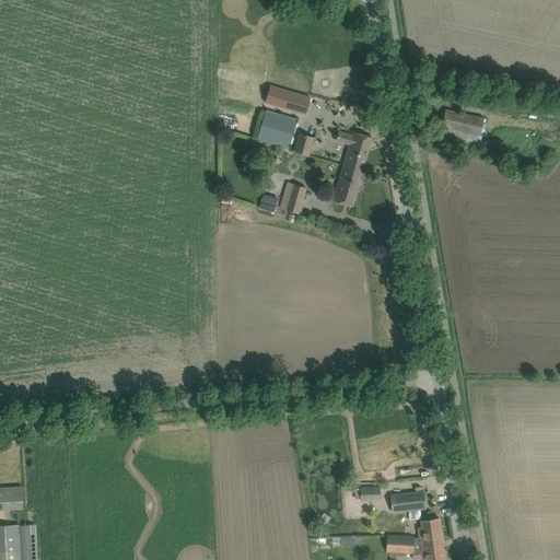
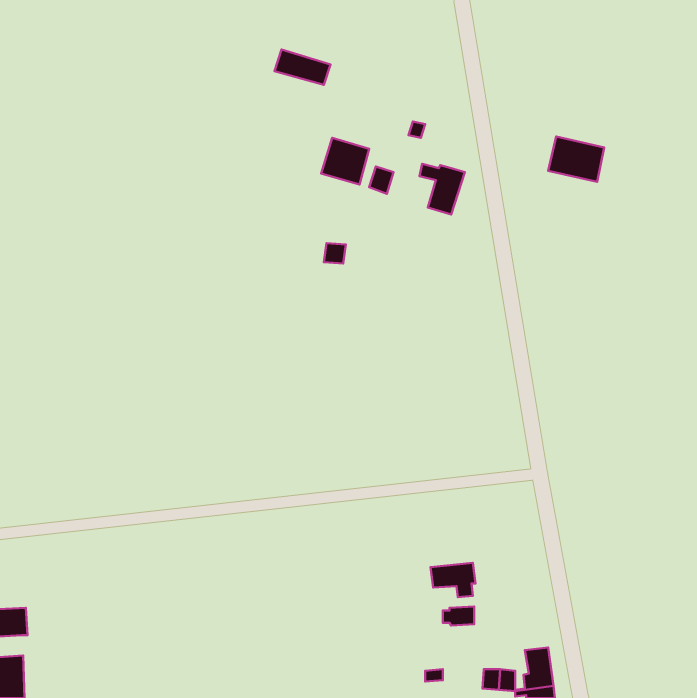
building: [265,85,310,114] -> [275,49,331,85]
building: [332,166,361,206] -> none
building: [278,182,307,214] -> none
building: [387,492,423,520] -> [430,563,475,597]

